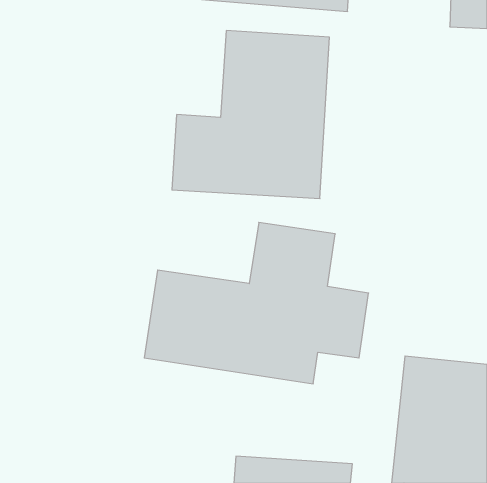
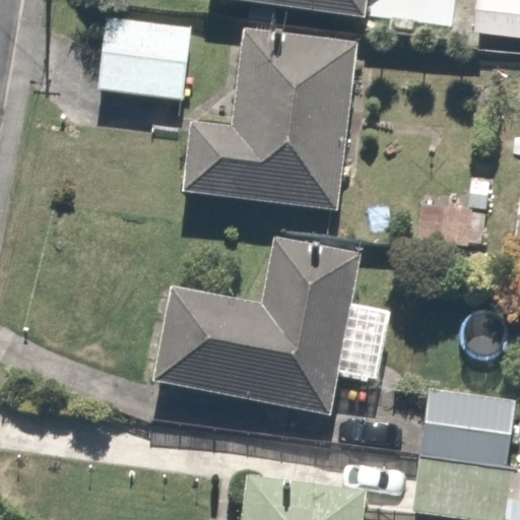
building: none -> [100,8,187,95]

